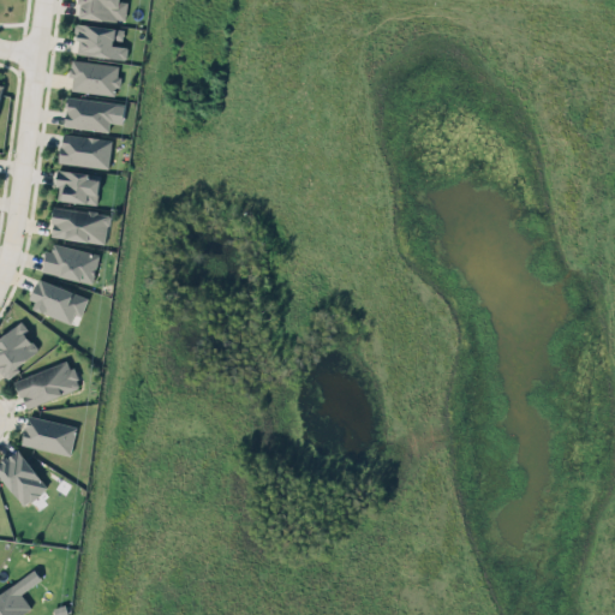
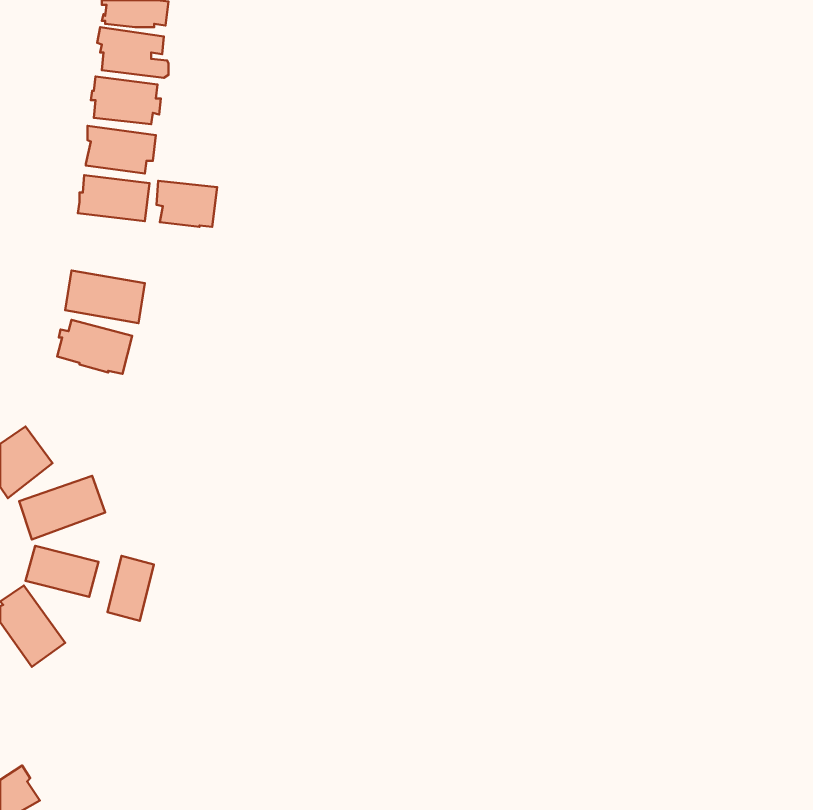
building: [55,171,101,205] -> [157,181,217,227]
building: [30,281,89,326] -> none
building: none -> [107,556,154,621]

